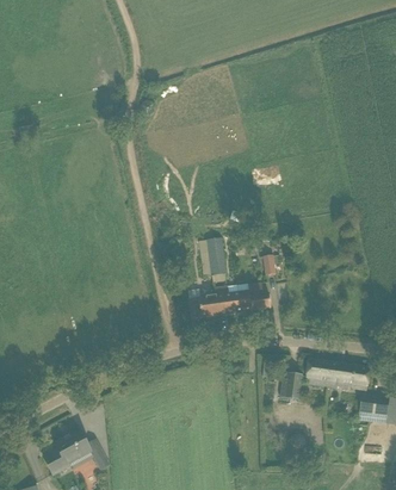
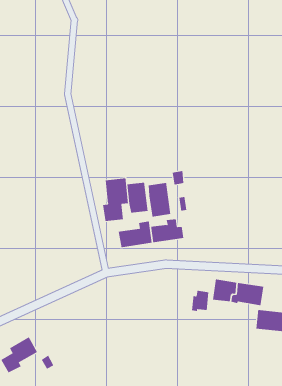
building: none -> [103,177,128,222]
building: none -> [148,182,171,217]

